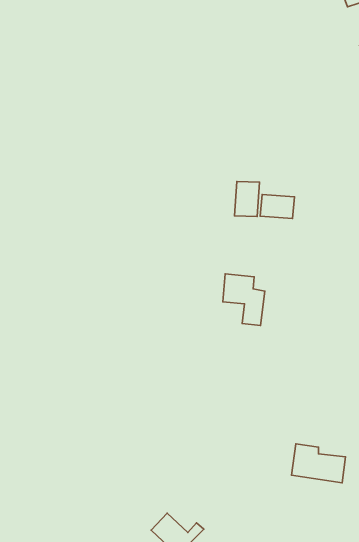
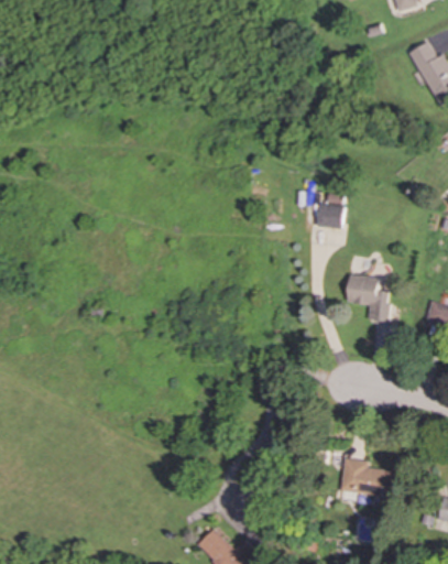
building: [235,182,259,216] -> none
building: [223,274,265,326] -> [348,272,391,325]

